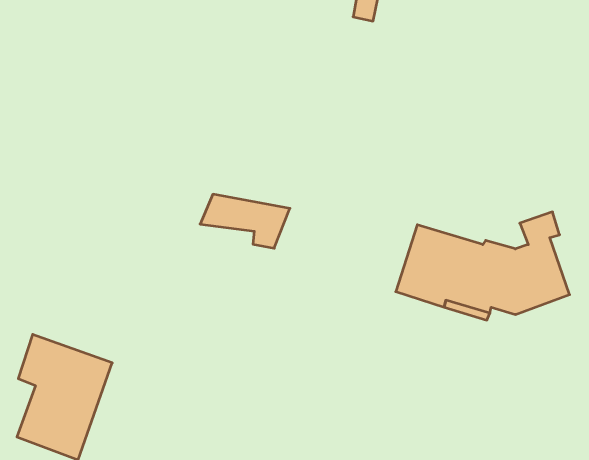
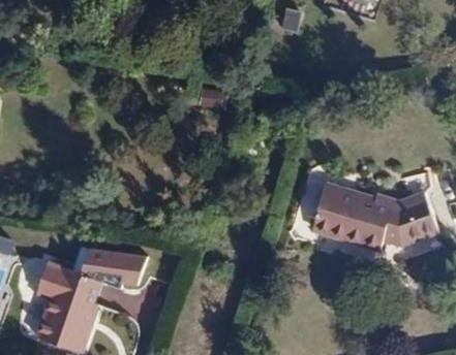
building: [200,194,290,248] -> [83,246,148,285]

